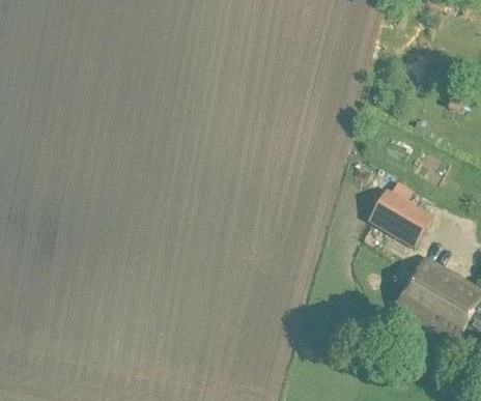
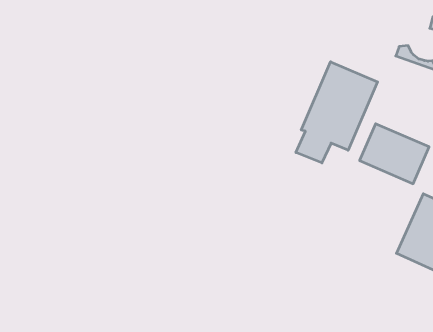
building: none -> [296,62,378,163]

